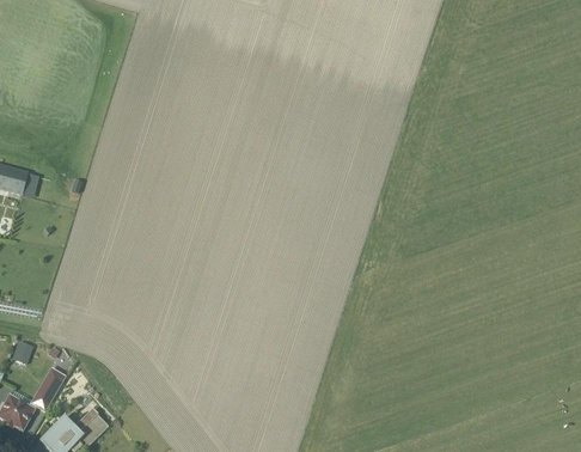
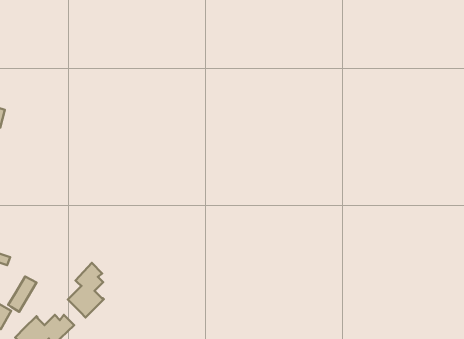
building: none -> [68,263,104,317]

